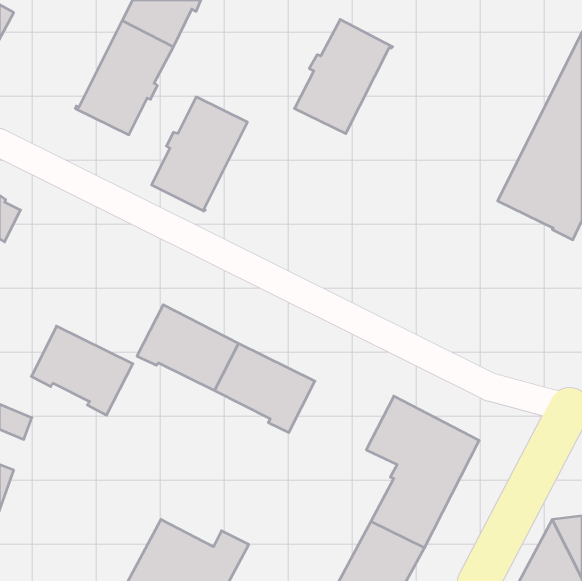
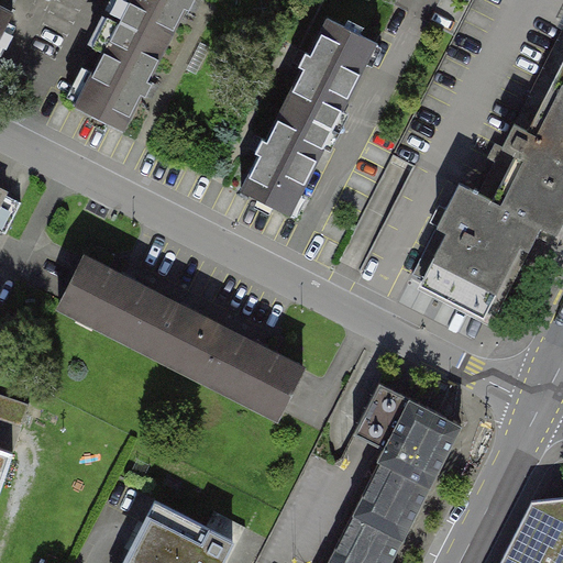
building: [152,97,247,211] -> [241,107,333,217]
building: none -> [412,185,533,313]
building: [31,326,133,415] -> [59,260,157,345]

